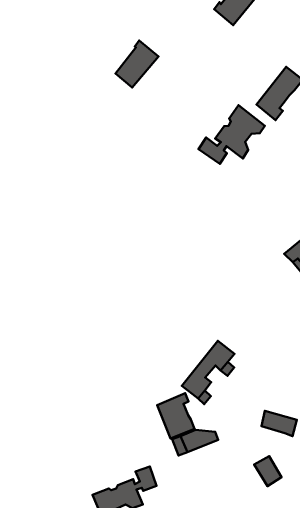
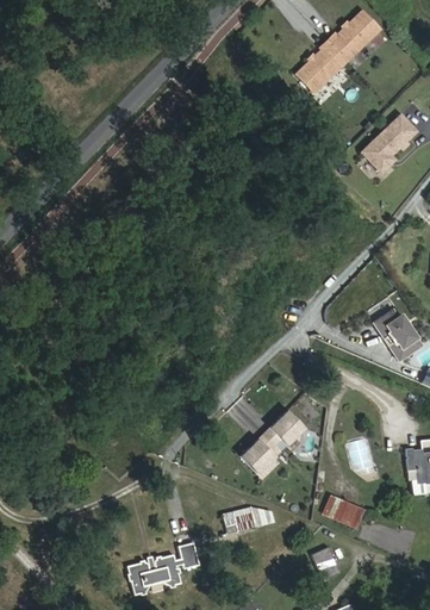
building: [116,41,158,87] -> [297,39,347,91]
building: [199,105,265,164] -> none
building: [157,393,195,439] -> none

